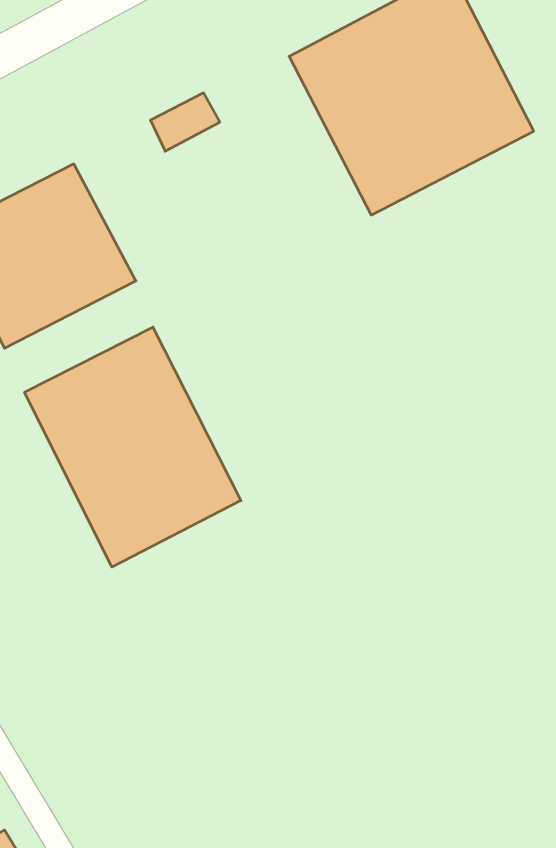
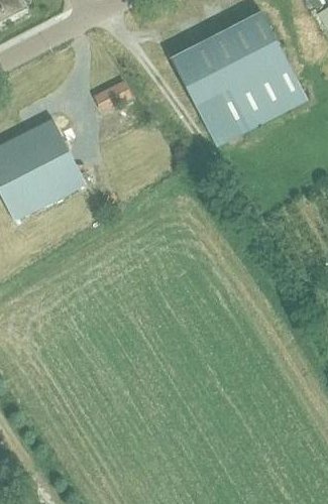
building: [25,327,241,567] -> none

